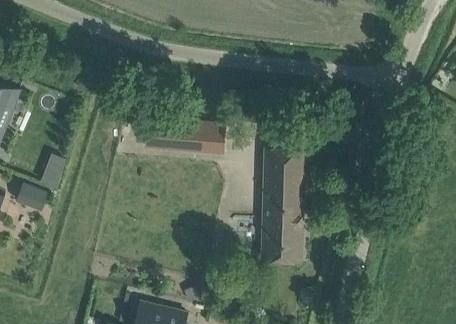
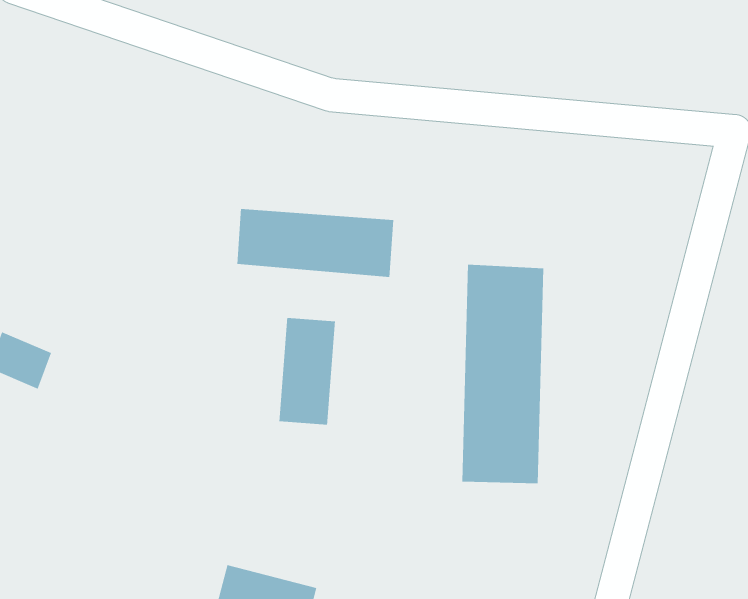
building: [40,155,65,190] -> none
building: none -> [279,317,335,425]

